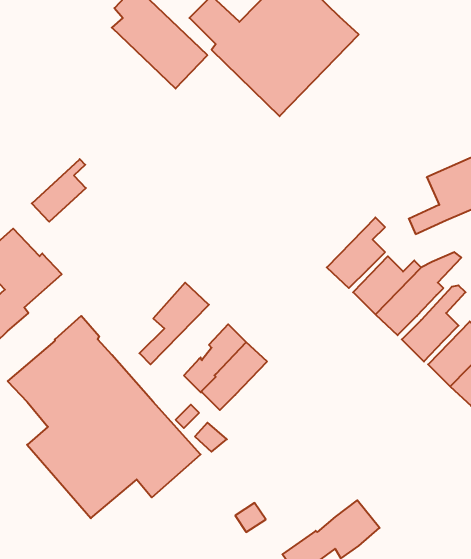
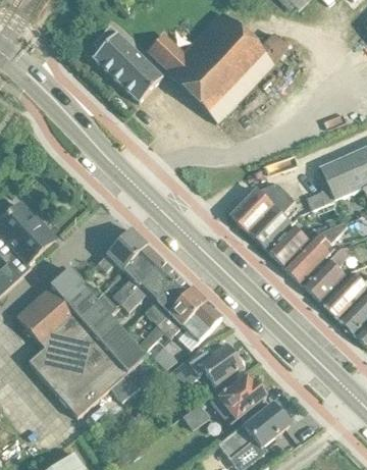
building: [32,159,86,222] -> none
building: none -> [233,186,285,232]
building: none -> [98,228,146,271]
building: none -> [120,260,177,310]
building: none -> [174,302,221,350]
building: none -> [163,344,243,393]
building: none -> [209,375,267,425]

